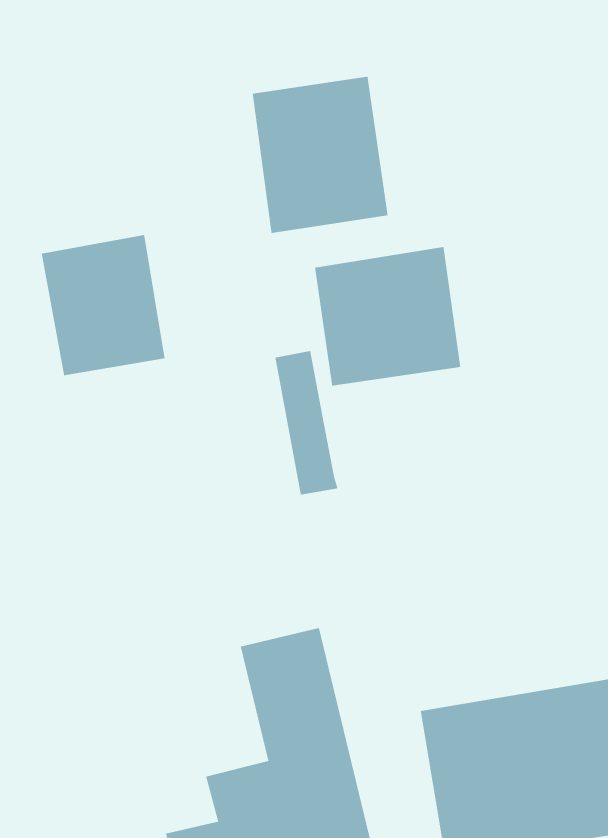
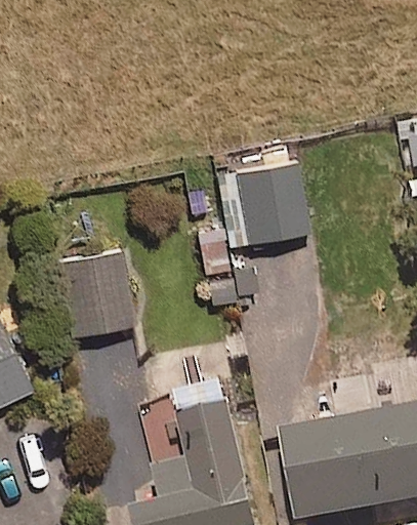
building: [252,76,389,234] -> none
building: [41,234,166,376] -> [59,252,133,336]

